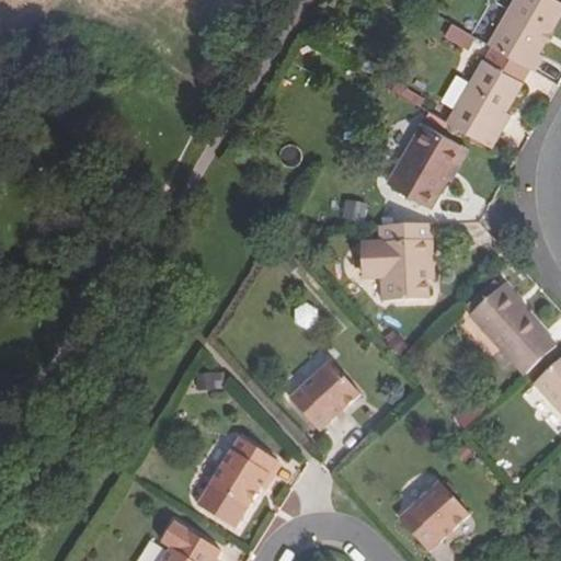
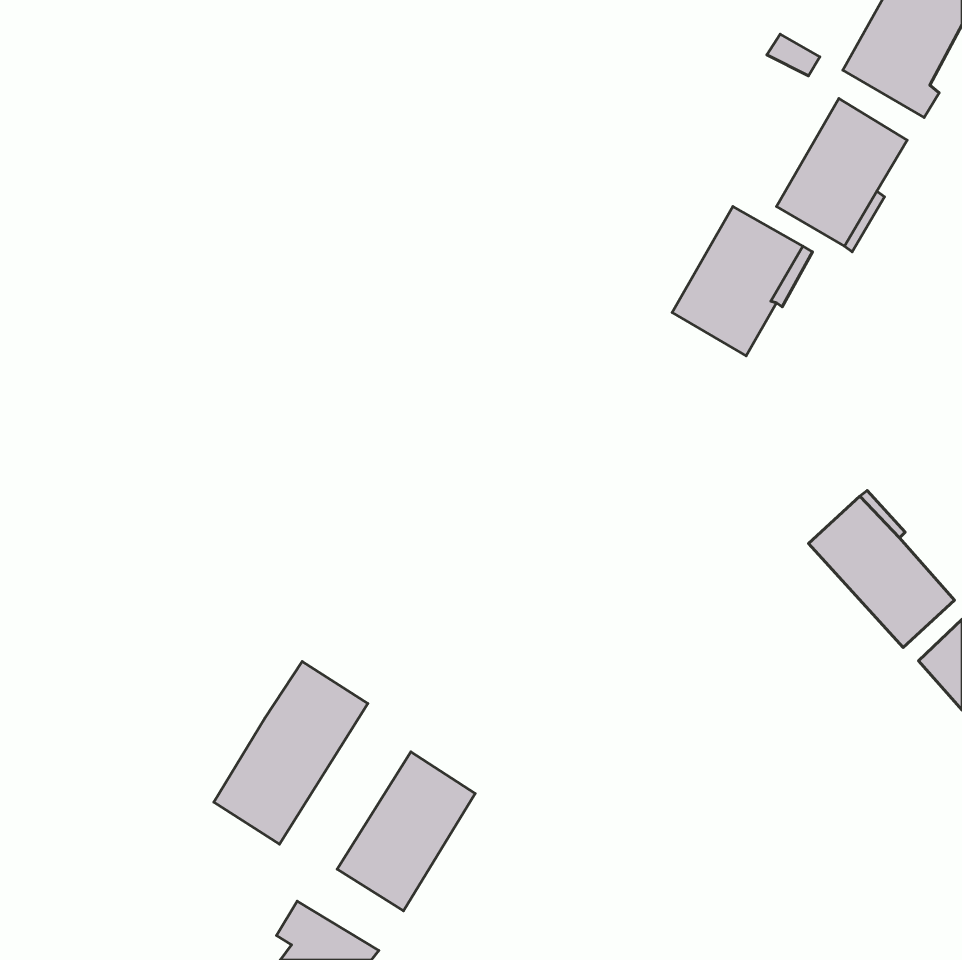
building: [380,221,433,300] -> none
building: [286,362,358,431] -> none
building: none -> [214,661,368,844]
building: [397,481,468,551] -> none

